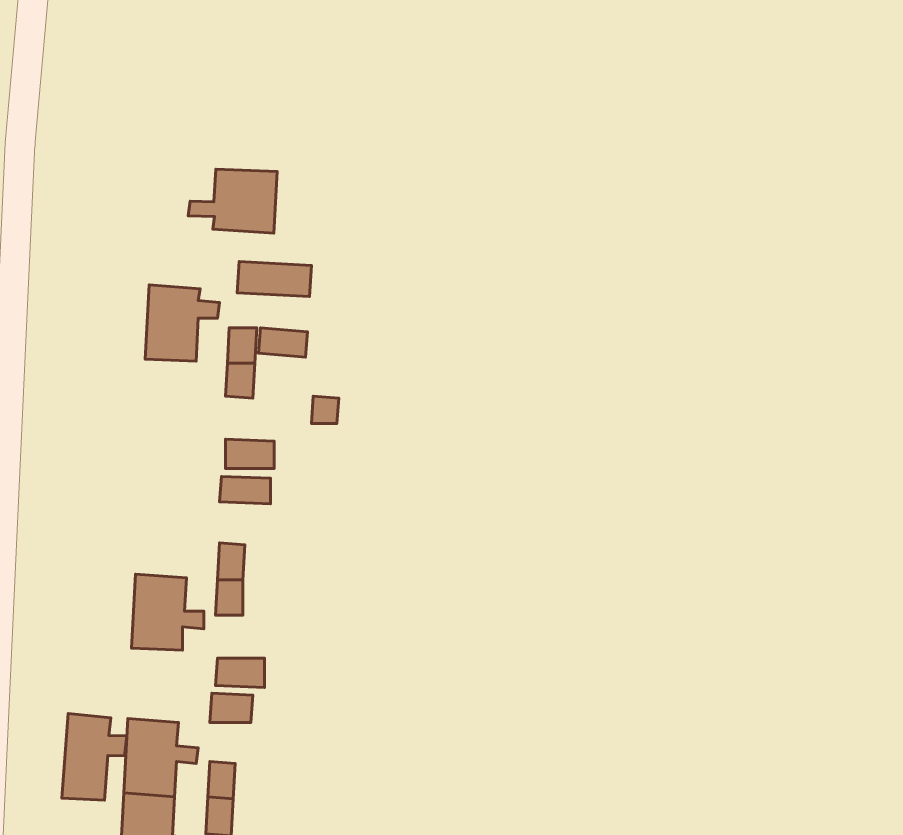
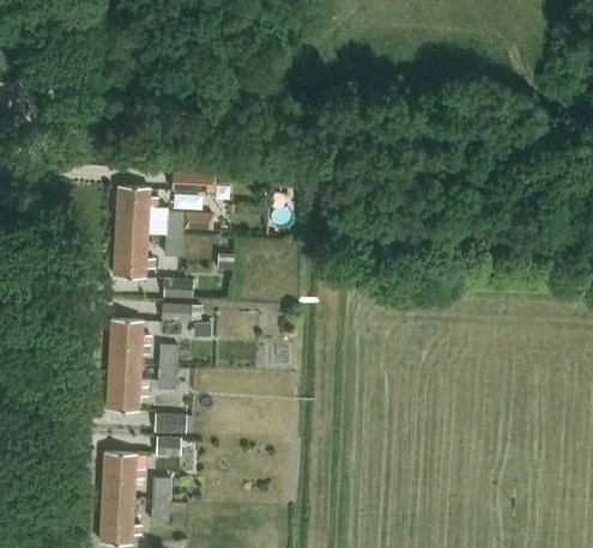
building: [188,169,277,233] -> none
building: none -> [113,231,157,276]
building: none -> [109,318,153,365]
building: [62,714,127,800] -> none

